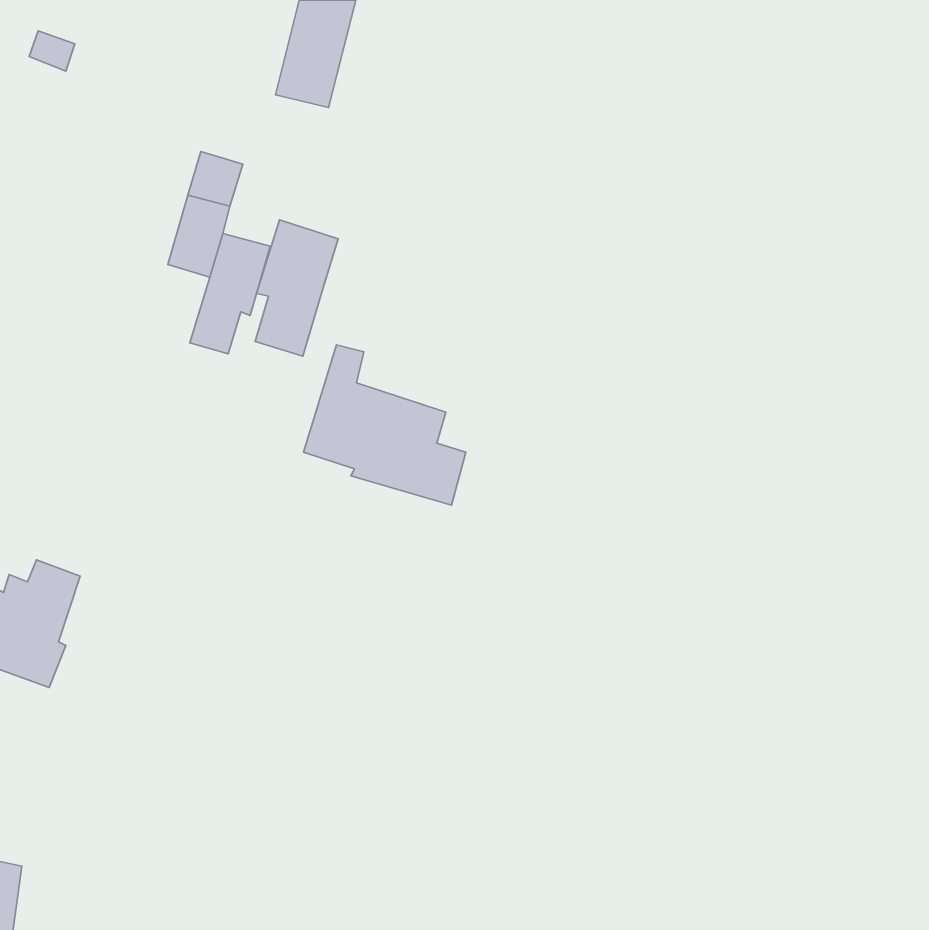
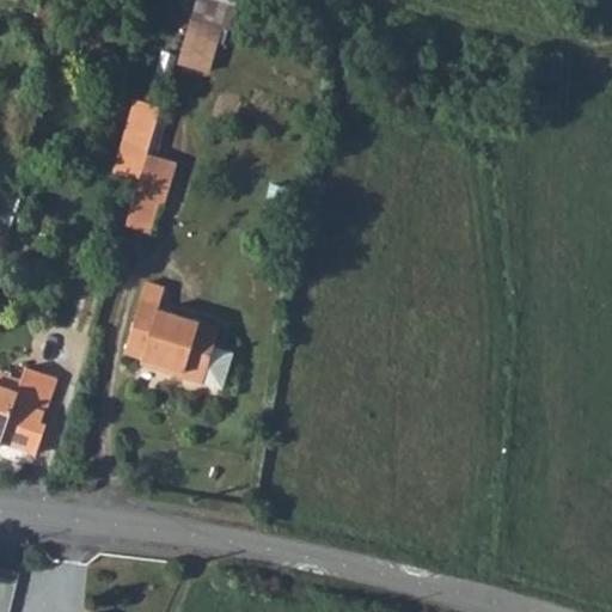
building: [255,220,338,356] -> none
building: [304,345,466,505] -> [123,283,230,388]

